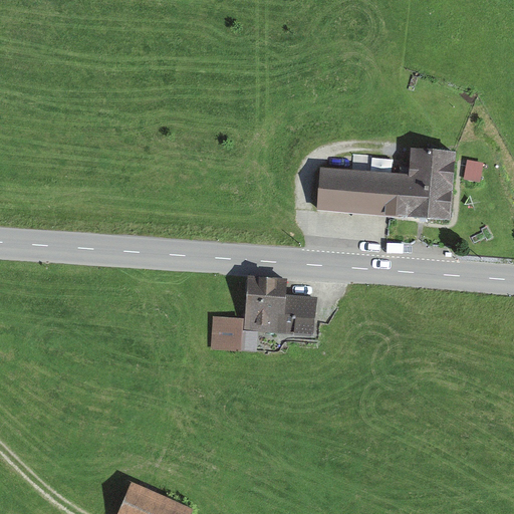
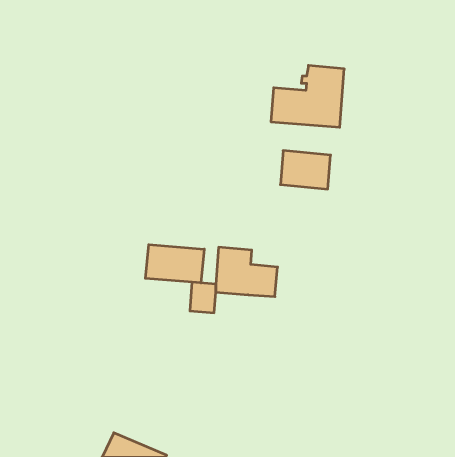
building: [370,149,453,218] -> [271,65,344,127]
building: none -> [145,245,204,283]

